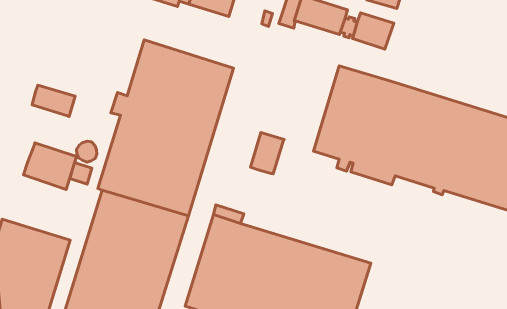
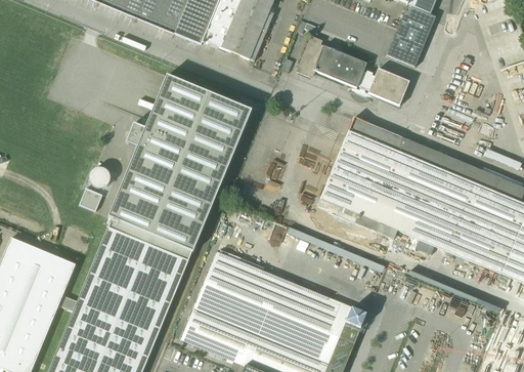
building: [32,85,75,117] -> none
building: [251,132,284,174] -> none
building: [24,143,76,189] -> none

